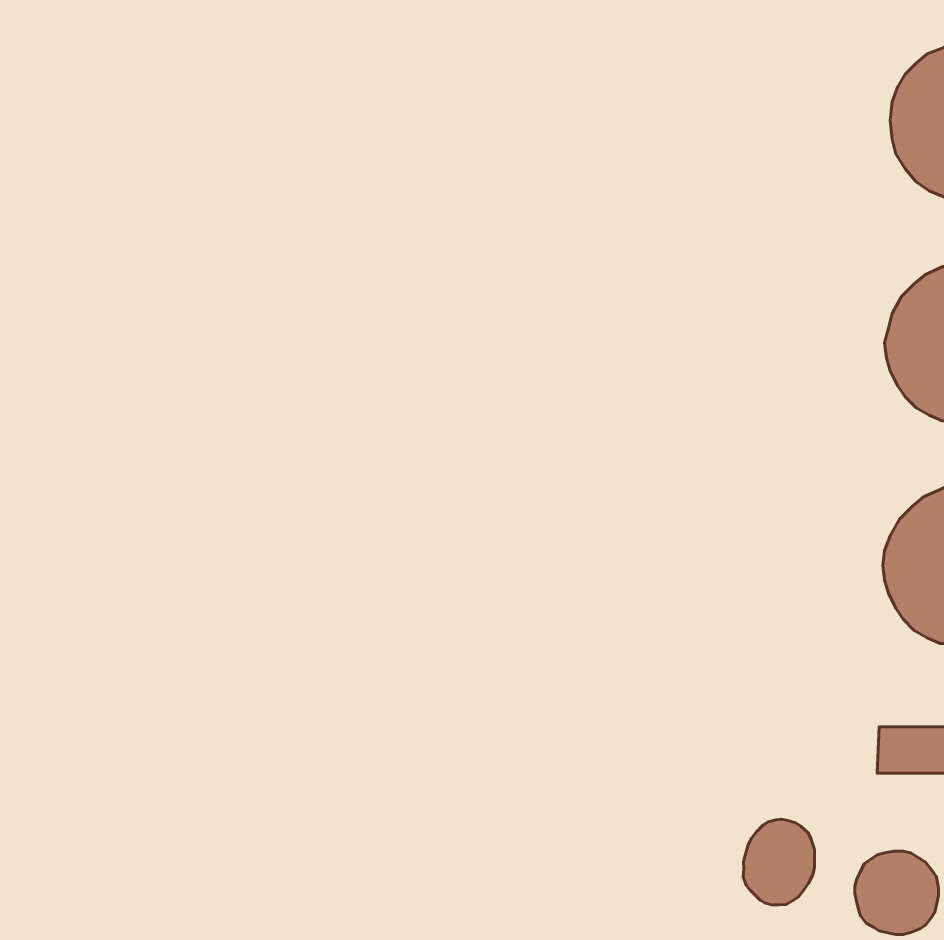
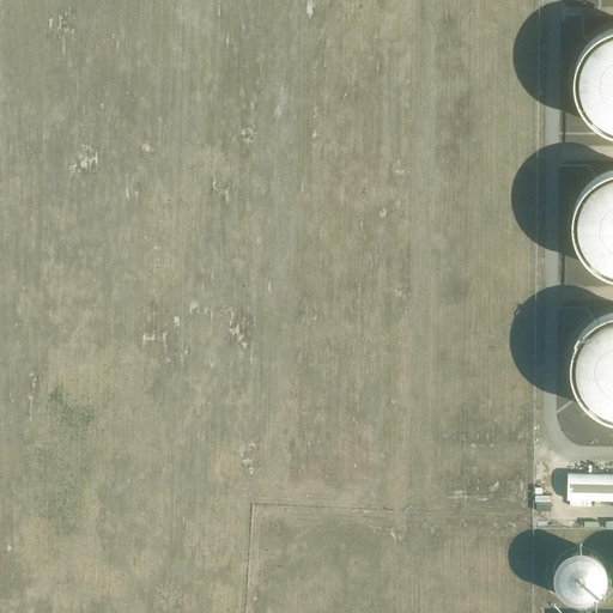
building: [743,819,815,905] -> none

